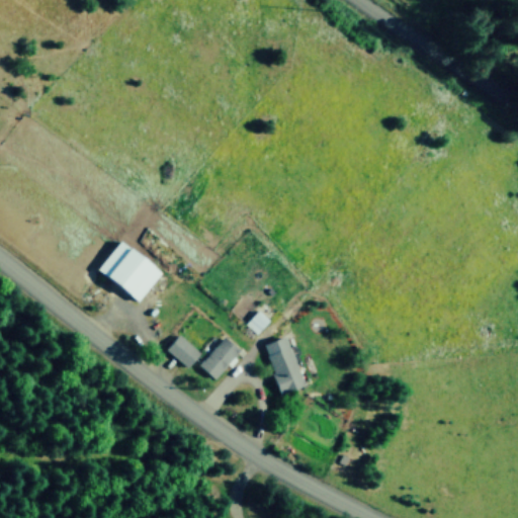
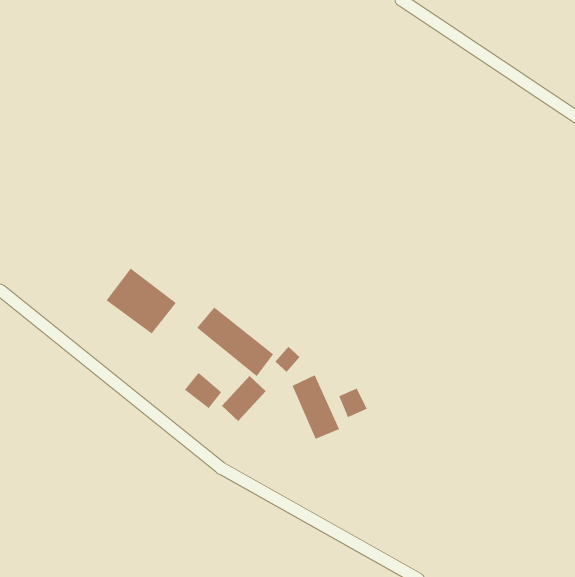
building: none -> [196,307,274,377]
building: none -> [338,388,368,418]

